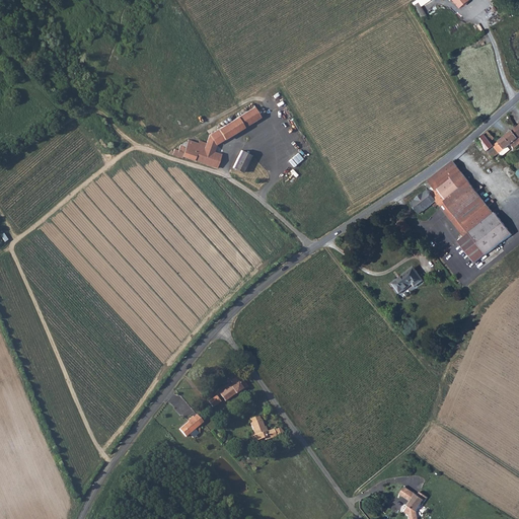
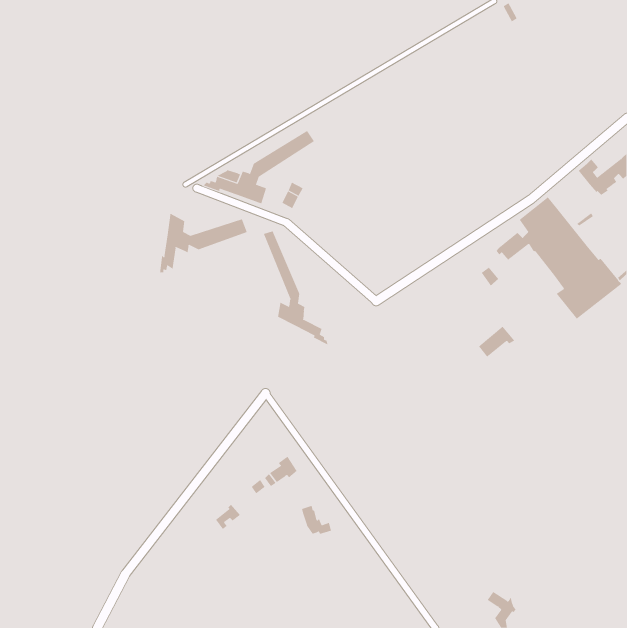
building: none -> [159,213,248,273]
building: none -> [263,231,328,345]

